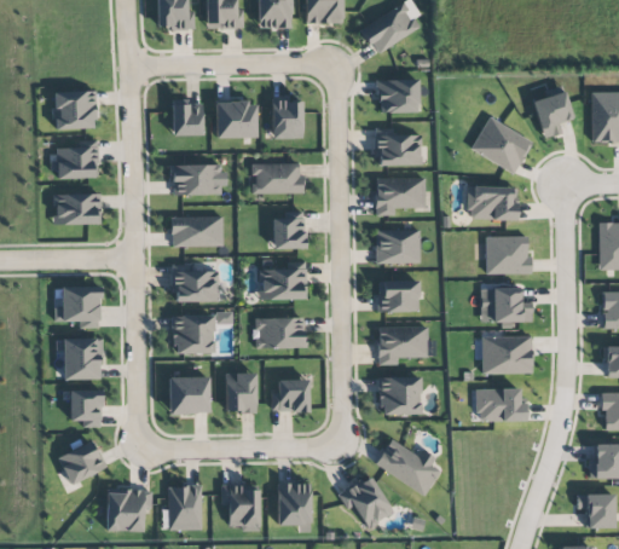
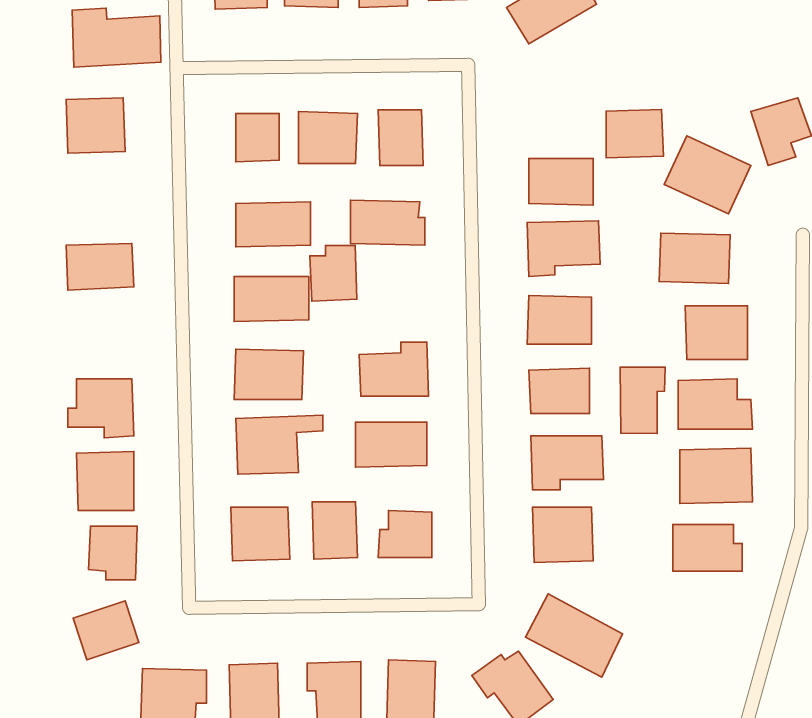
building: none -> [72,8,161,67]
building: [378,79,418,112] -> [606,109,663,158]
building: [57,139,97,178] -> none
building: [272,210,305,249] -> [310,246,357,301]
building: none -> [620,367,665,433]

